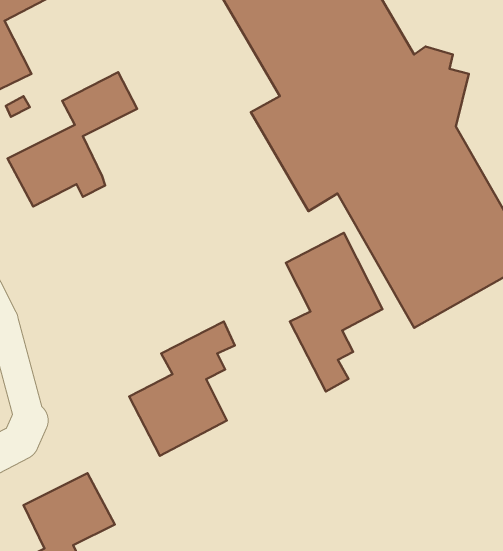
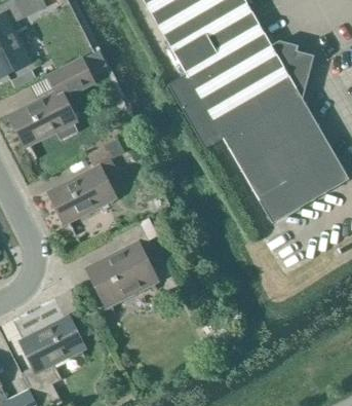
building: none -> [52,136,128,221]
building: [286,233,382,392] -> none

